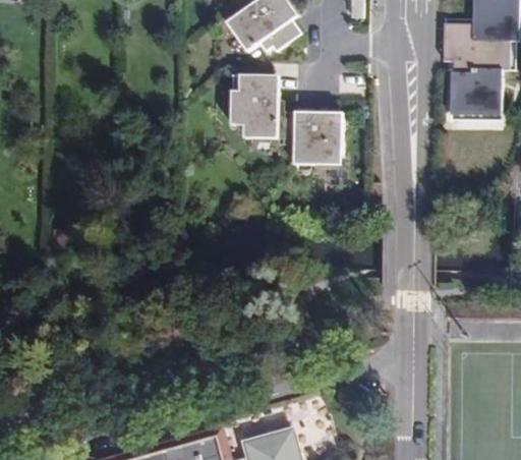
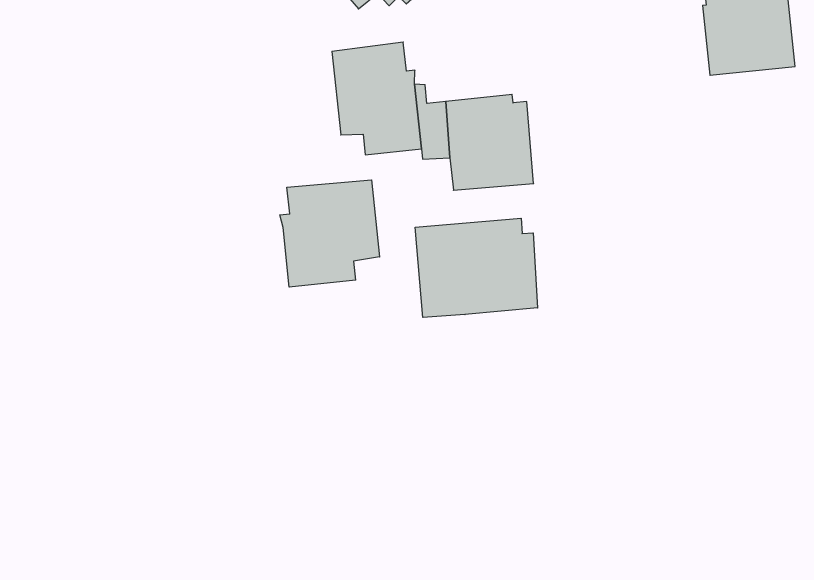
building: none -> [280,180,380,287]
building: none -> [415,218,538,317]

